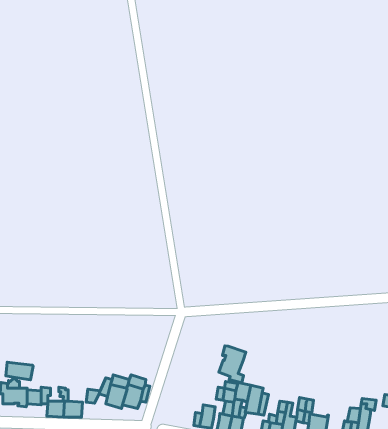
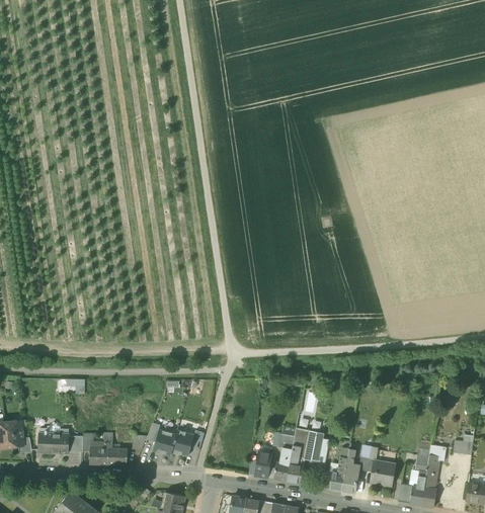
building: [219,346,246,383] -> none
building: [6,362,33,380] -> none

